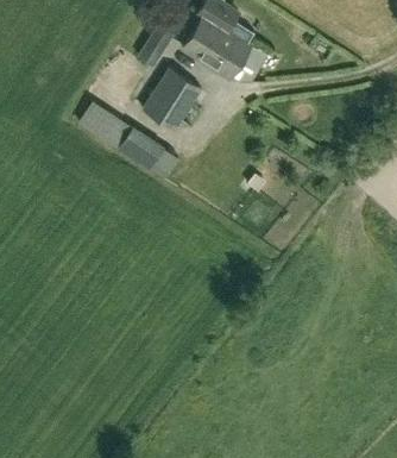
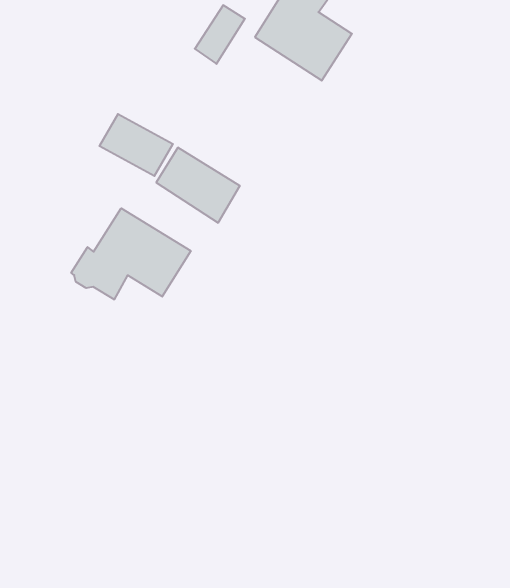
building: [144,68,202,131] -> none
building: none -> [71,208,191,300]

